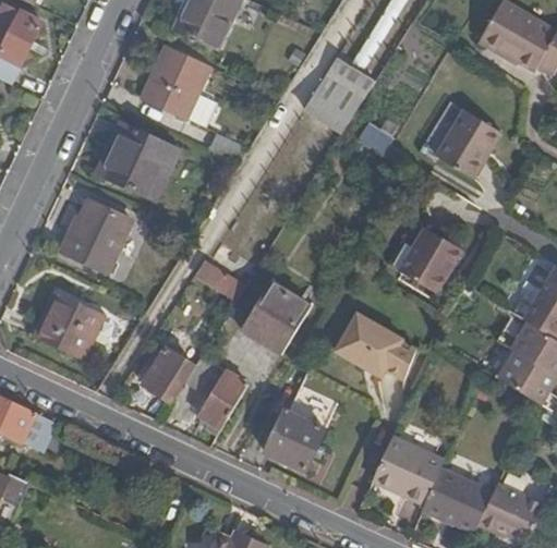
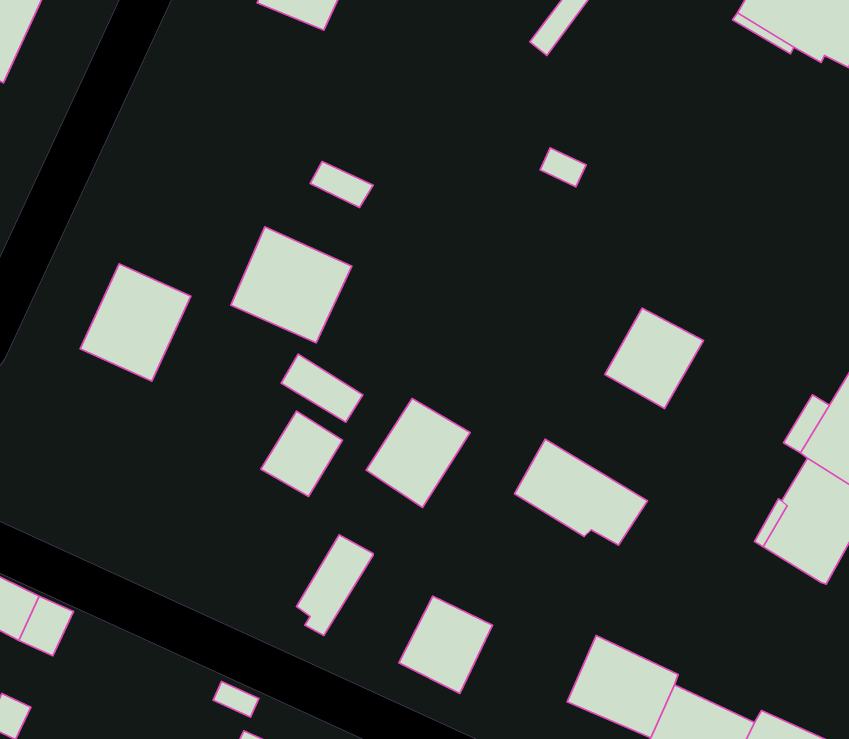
building: [141,42,209,118] -> none
building: [305,60,374,133] -> none
building: [434,113,498,181] -> none
building: [96,122,173,196] -> [231,227,352,343]
building: [36,291,102,358] -> none
building: [143,349,195,403] -> [261,411,342,496]

